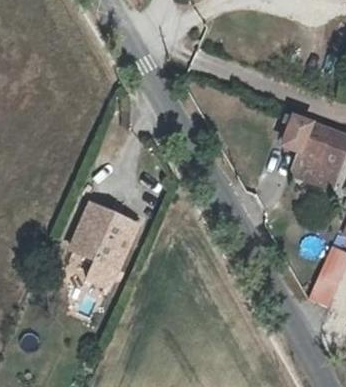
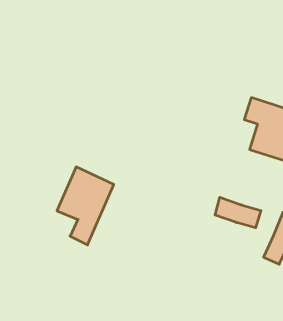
building: none -> [215,197,261,228]

